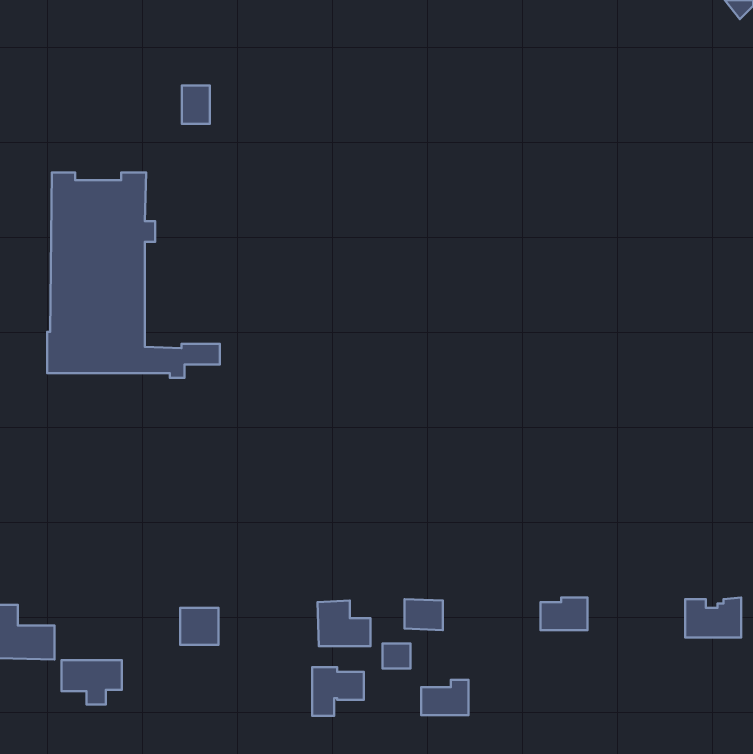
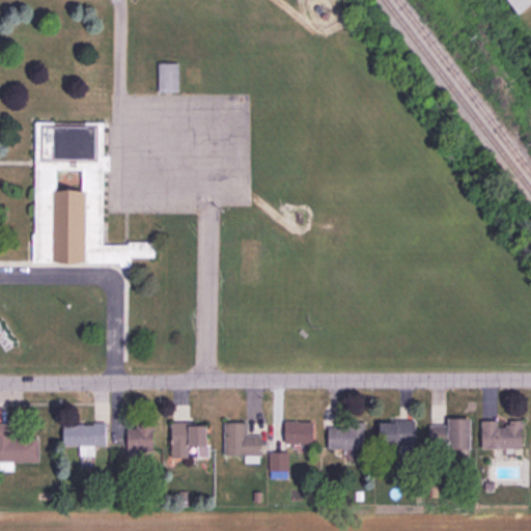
building: [182,85,210,124] -> [159,63,178,90]
building: none -> [429,418,470,448]
building: [61,660,122,704] -> [62,426,105,457]
building: [312,667,364,716] -> [171,422,207,456]
building: [421,680,468,715] -> [328,422,361,447]

